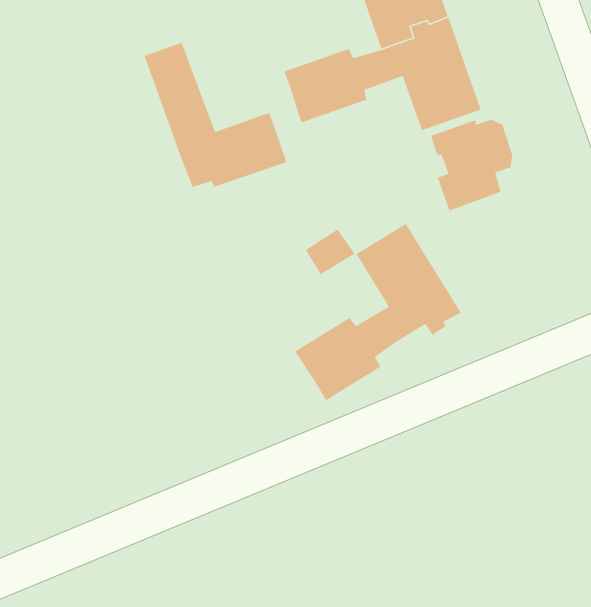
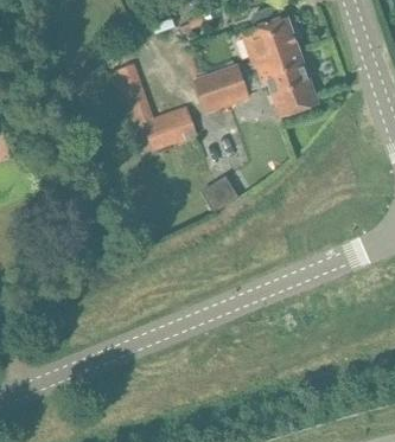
building: [430,119,513,212] -> none
building: [294,223,462,401] -> none

